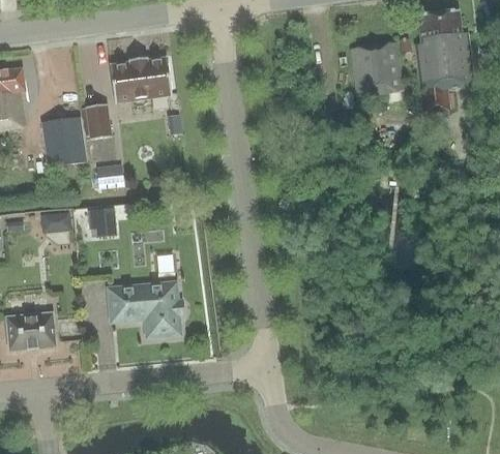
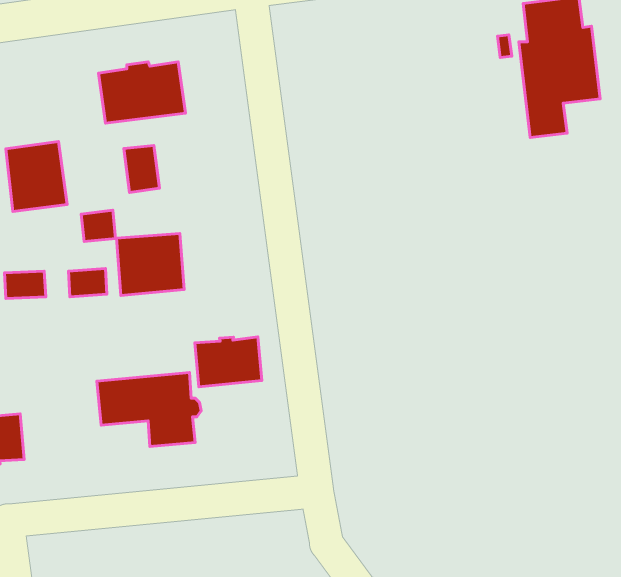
building: [350,40,403,97] -> none
building: [86,105,112,140] -> [124,146,160,193]
building: none -> [116,234,184,296]
building: none -> [195,337,262,387]

